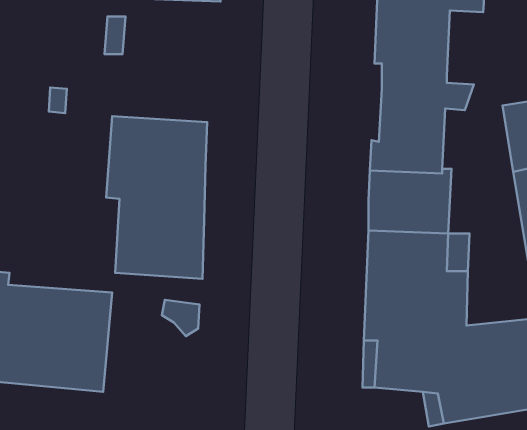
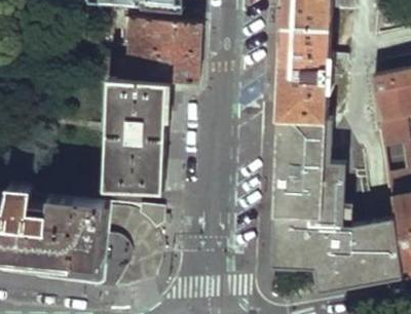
building: none -> [90,21,200,86]

